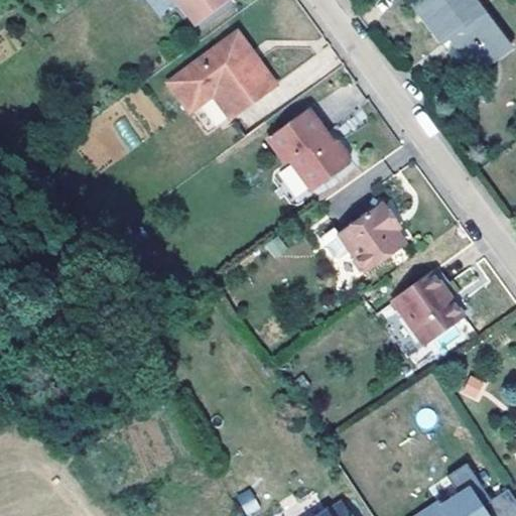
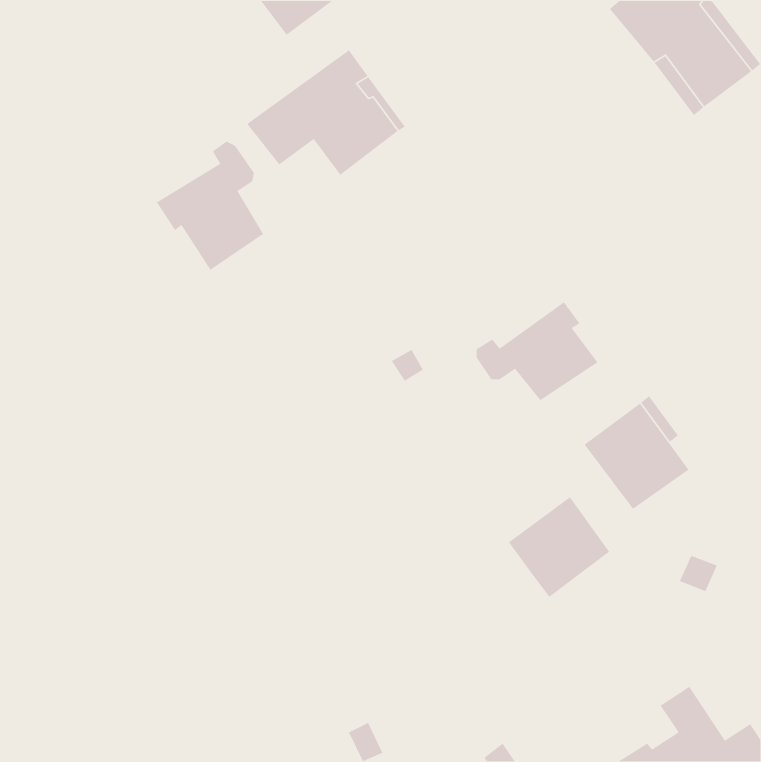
building: none -> [156,140,264,271]
building: [266,109,347,189] -> none
building: none -> [508,496,610,598]

